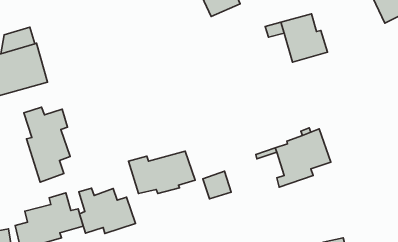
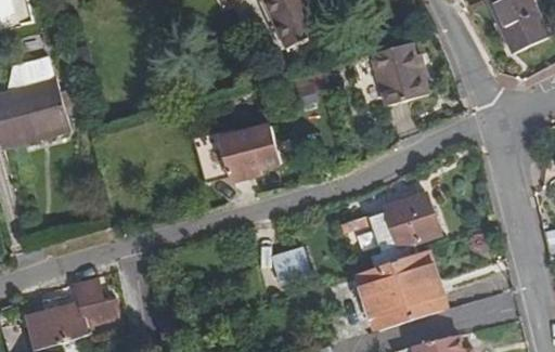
building: [24,107,70,182] -> none
building: [129,151,195,194] -> [195,127,282,182]
building: none -> [358,250,446,330]
building: [79,188,136,233] -> none

